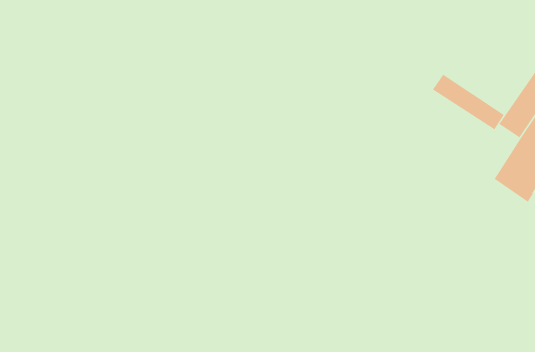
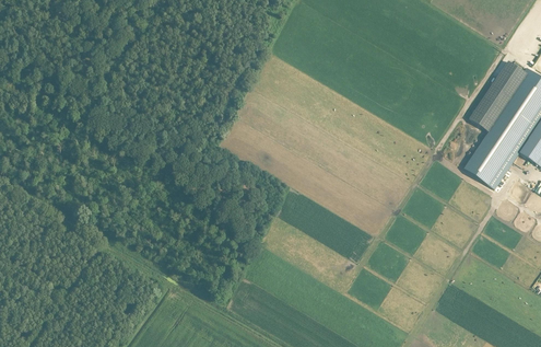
building: [432,74,504,130] -> none

